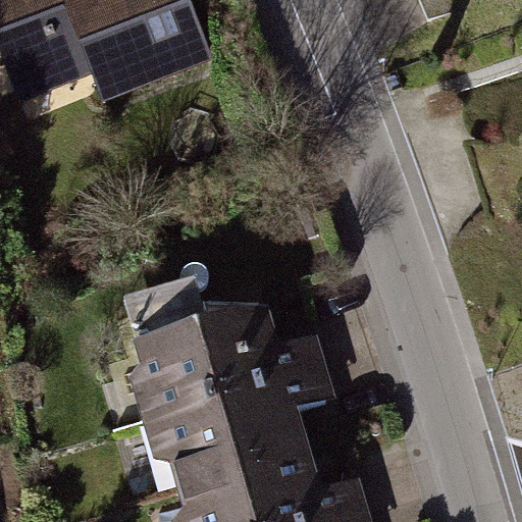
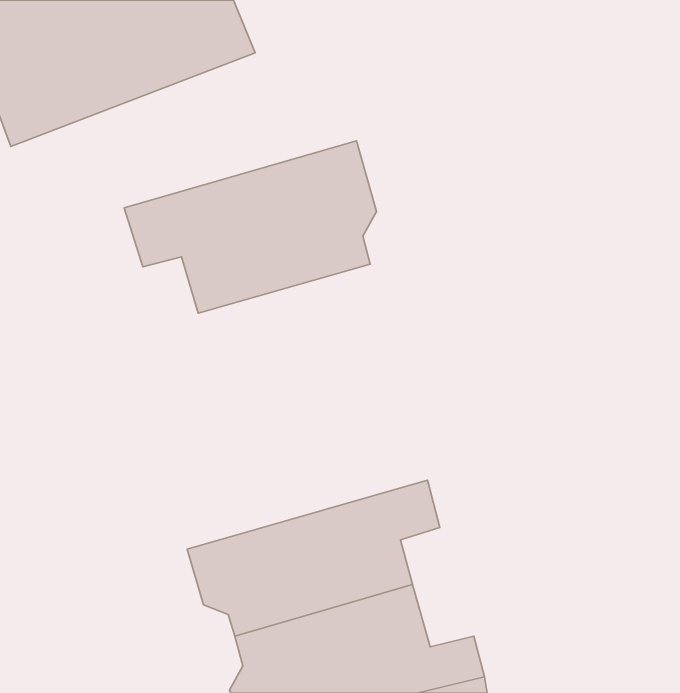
building: none -> [124,141,377,313]
building: [130,307,321,413] -> none

